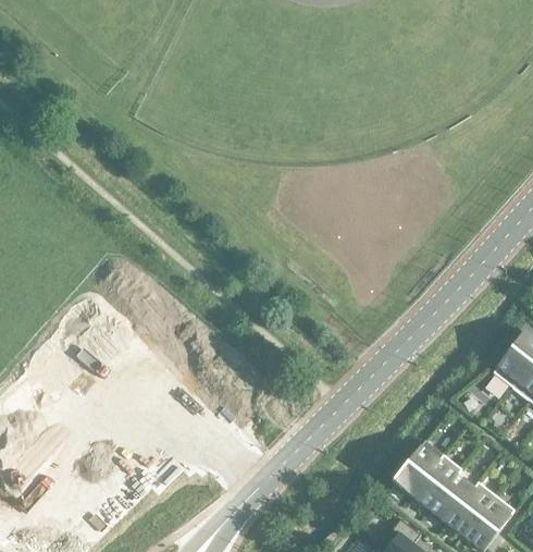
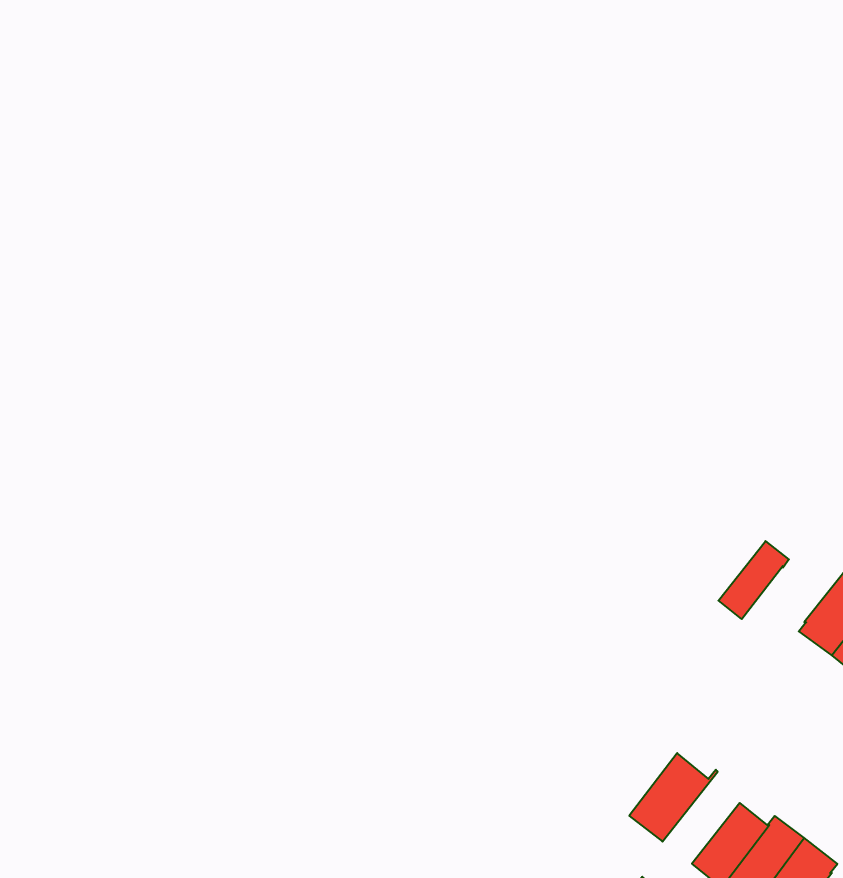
building: none -> [718,541,789,619]
building: [413,456,463,511] -> none

